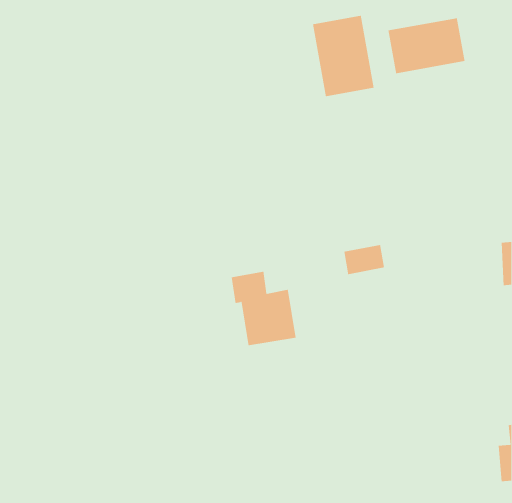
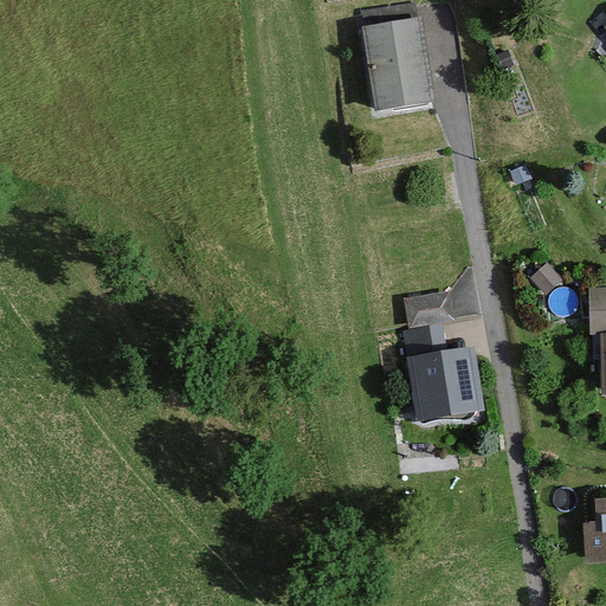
building: [388,17,465,74] -> none
building: [231,271,296,346] -> [399,325,476,413]

